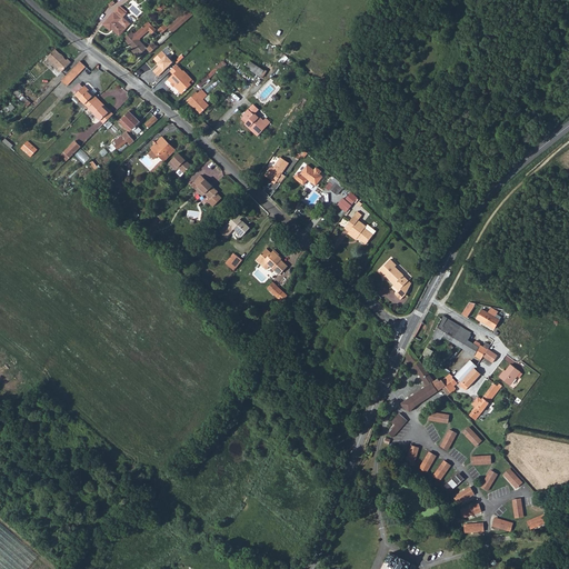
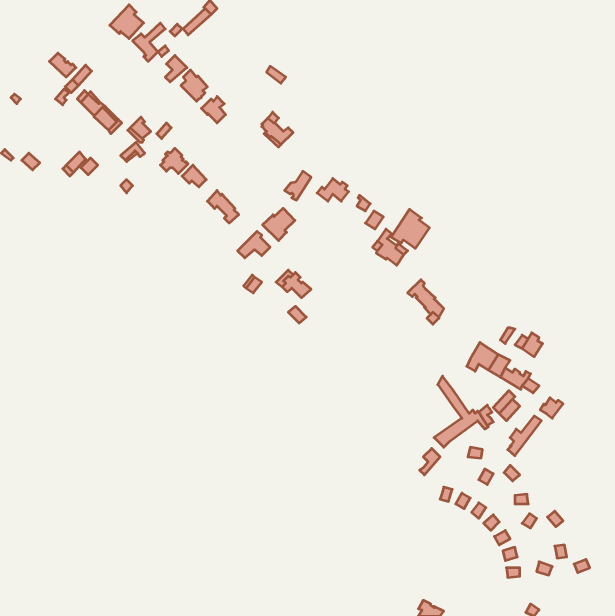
building: none -> [263,208,295,241]
building: none -> [391,209,429,248]

